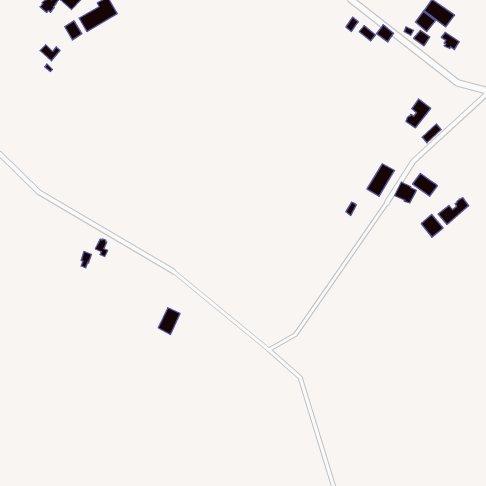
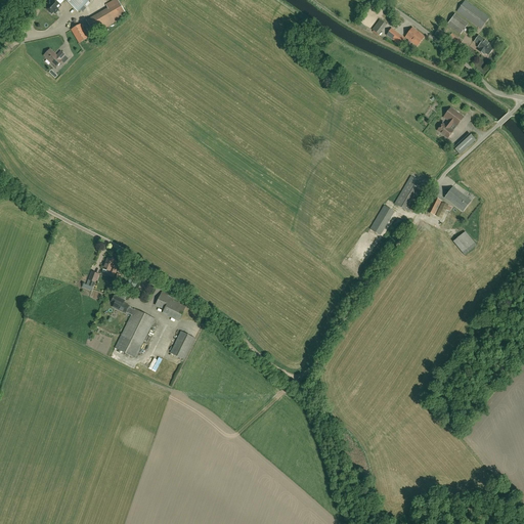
building: [438,198,469,224] -> none
building: none -> [155,291,185,317]
building: none -> [111,295,154,357]

